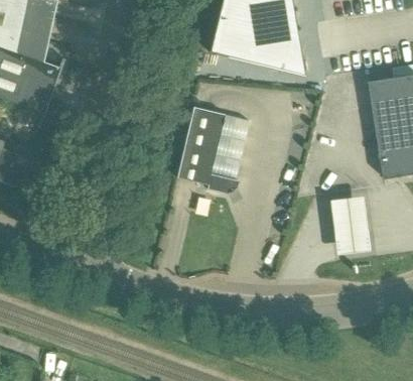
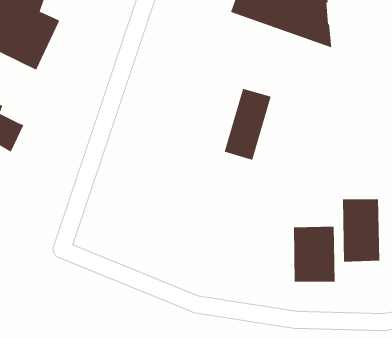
building: [176,108,238,195] -> none
building: none -> [294,226,335,282]

